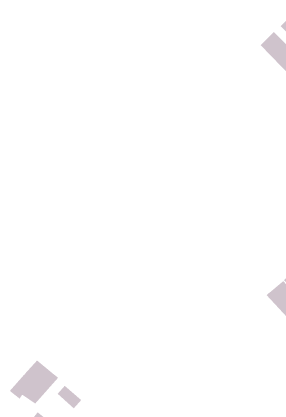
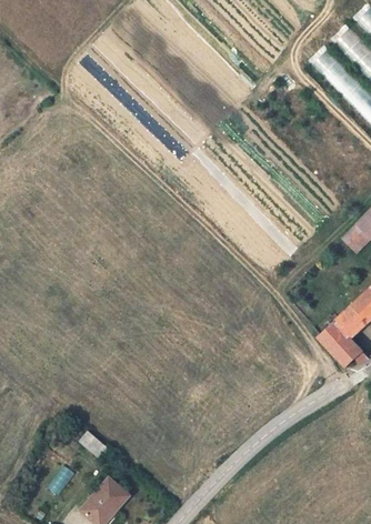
building: [9,359,59,404] -> none

